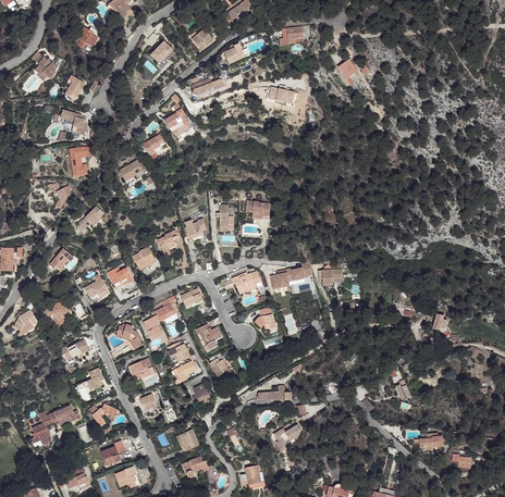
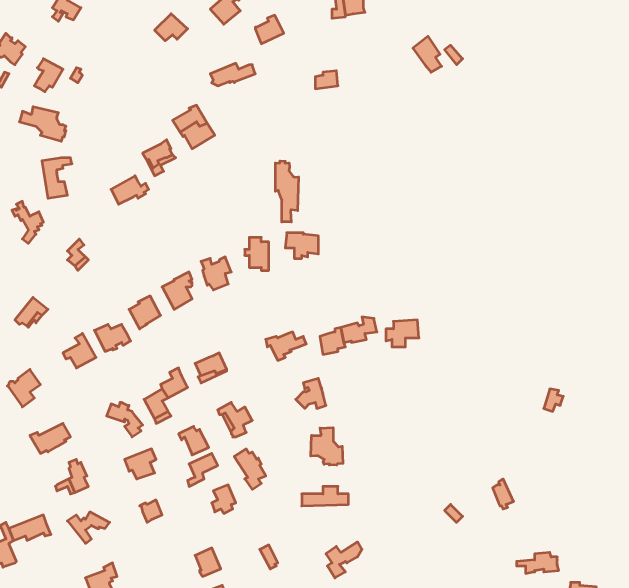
building: none -> [275,161,299,222]
building: none -> [311,428,343,465]

